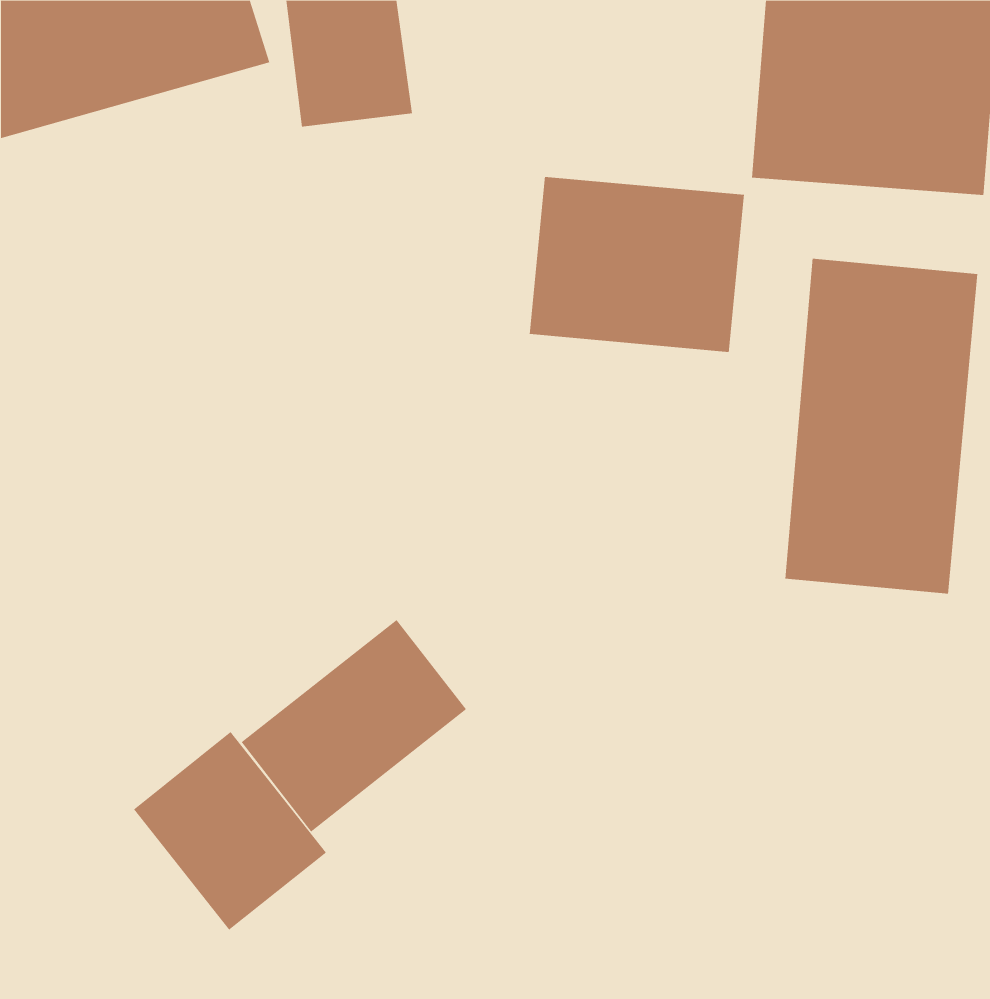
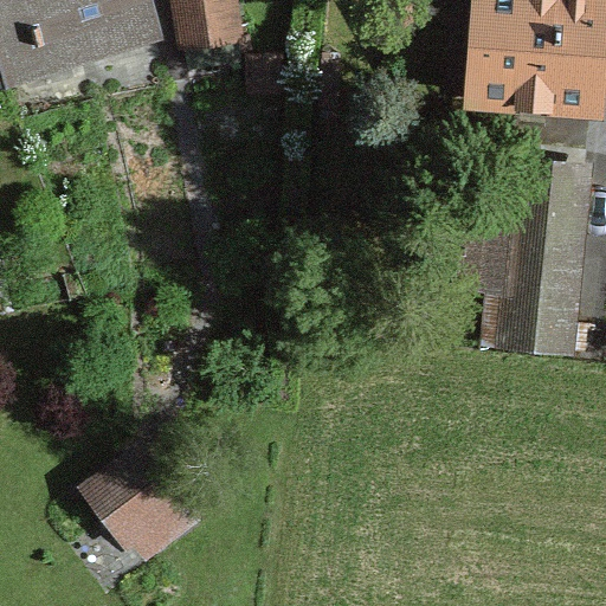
building: [529,176,745,353] -> none
building: [241,619,467,832] -> none

